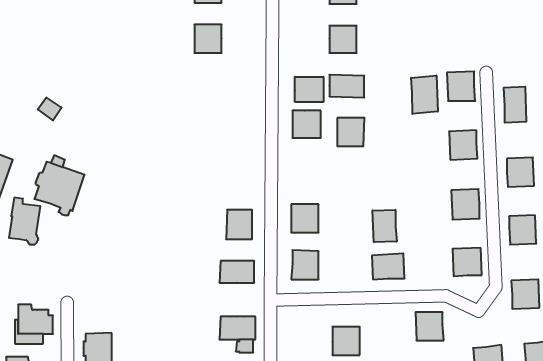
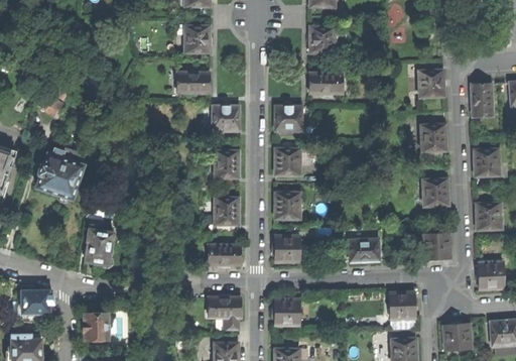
building: none -> [177,73,210,93]
building: [411,75,438,114] -> none
building: [295,77,323,102] -> none
building: none -> [213,106,239,131]
building: [337,118,365,146] -> [275,148,300,174]
building: none -> [215,150,239,177]
building: [9,198,40,244] -> [85,224,114,267]
building: [373,210,397,242] -> none
building: [332,327,360,355] -> [274,298,299,325]

